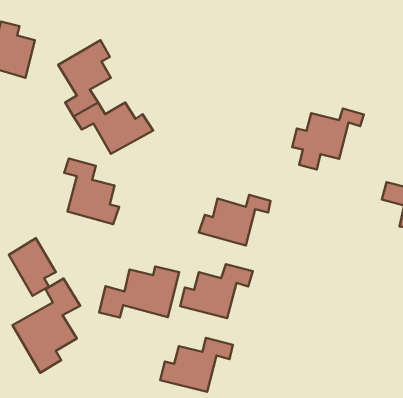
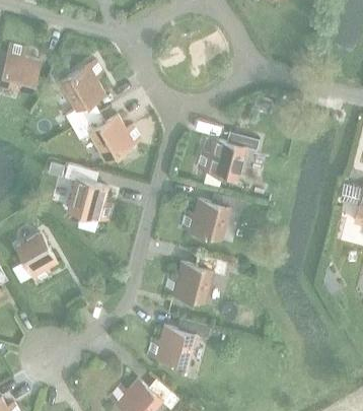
building: [292,109,364,170] -> [197,136,259,189]
building: [99,266,179,318] -> none
building: [12,278,80,373] -> none

